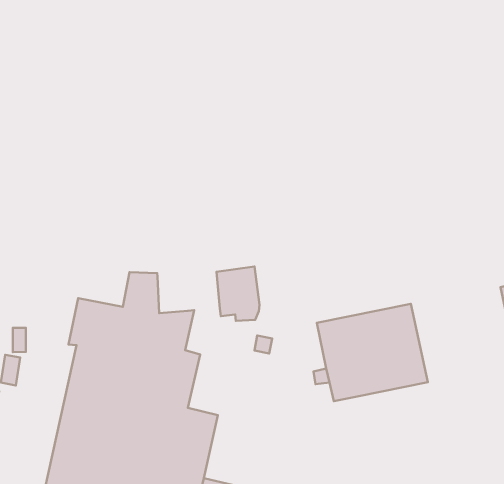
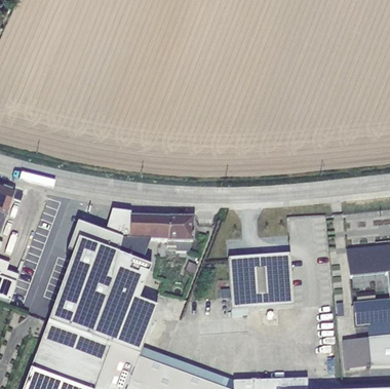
building: none -> [128,212,168,238]

